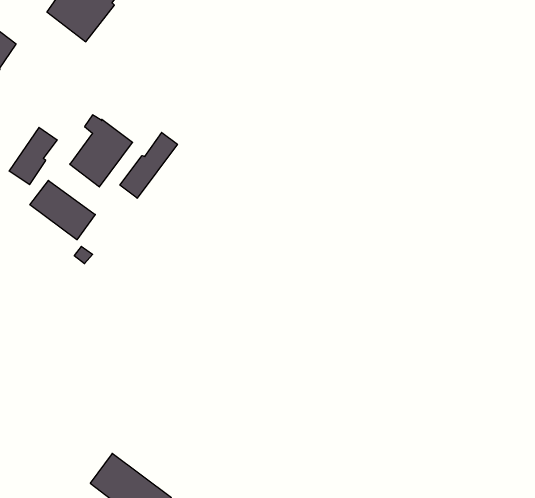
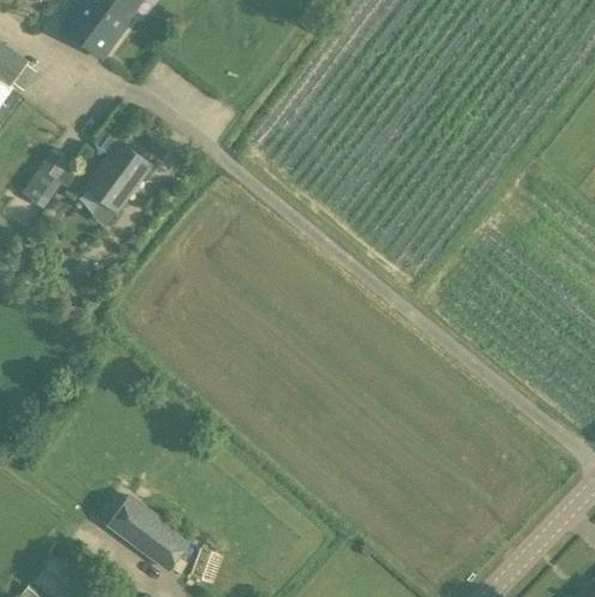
building: [120,132,177,198] -> none
building: [30,180,95,240] -> none

